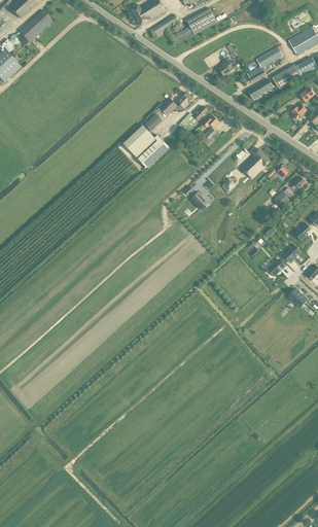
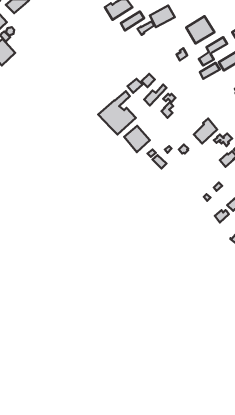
building: [19,9,51,41] -> none
building: none -> [186,16,214,43]
building: none -> [124,126,150,152]

